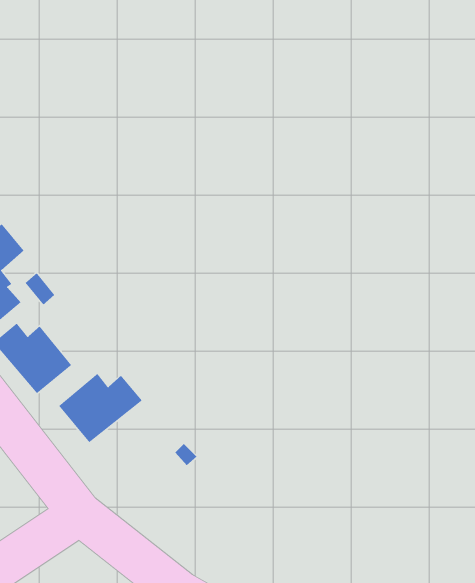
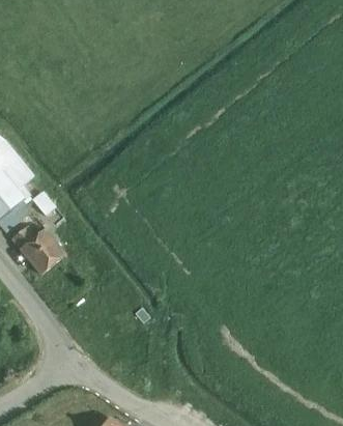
building: [58,373,143,443] -> none

